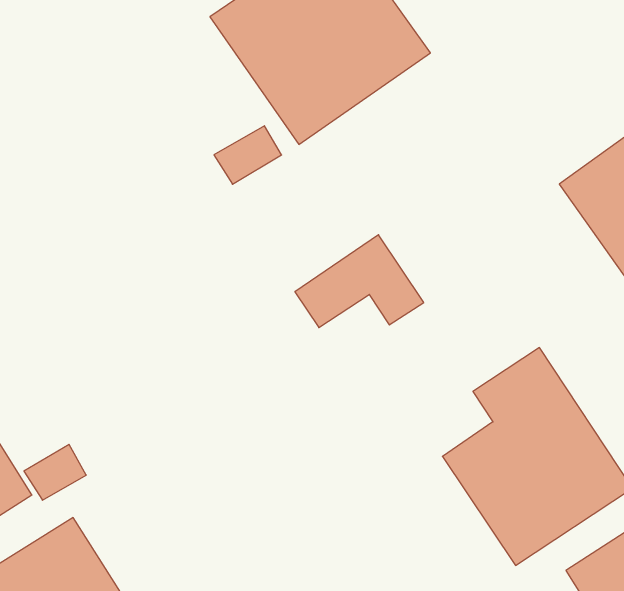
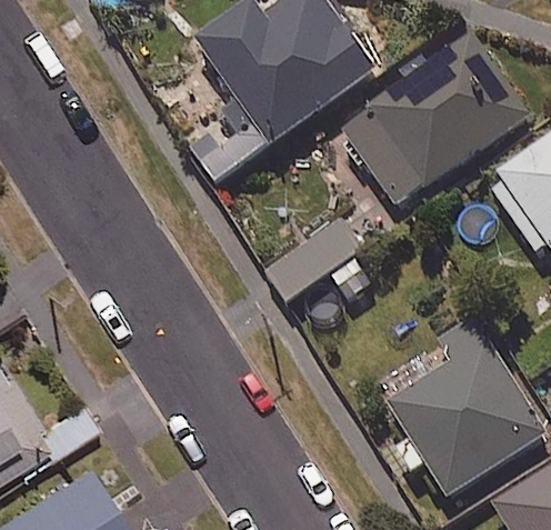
building: none -> [341,32,531,210]

